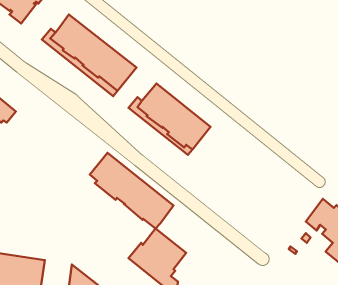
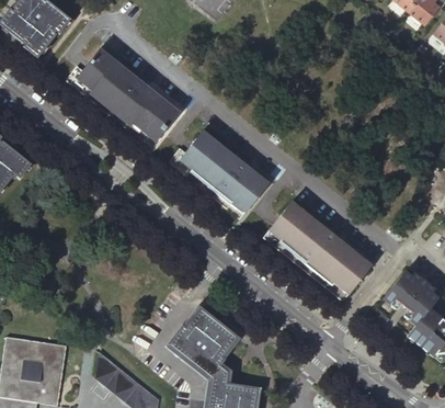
building: none -> [269,200,369,293]
building: [90,153,174,229] -> none

